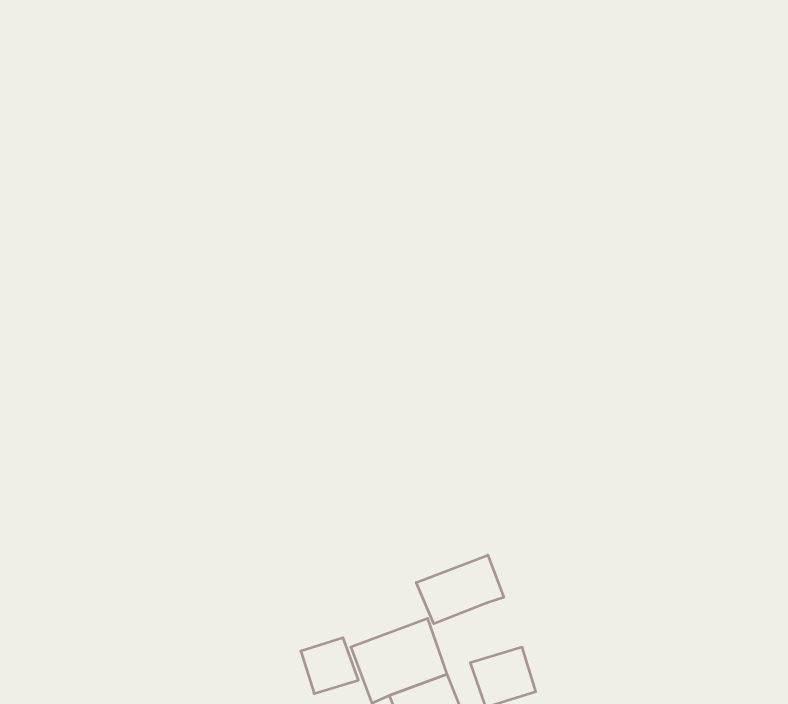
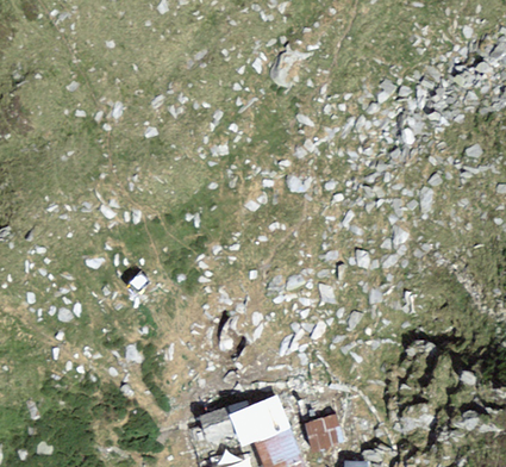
building: [416,555,504,624] -> none

